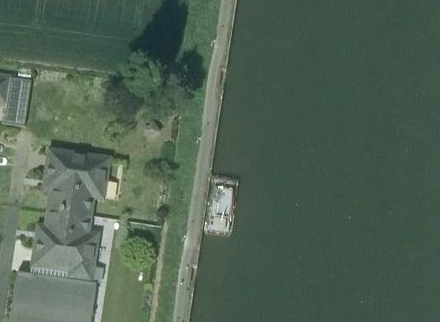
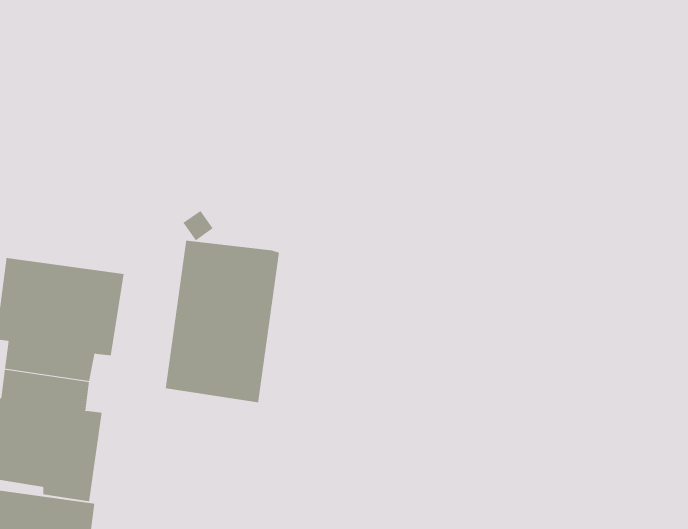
building: none -> [165,240,279,403]

